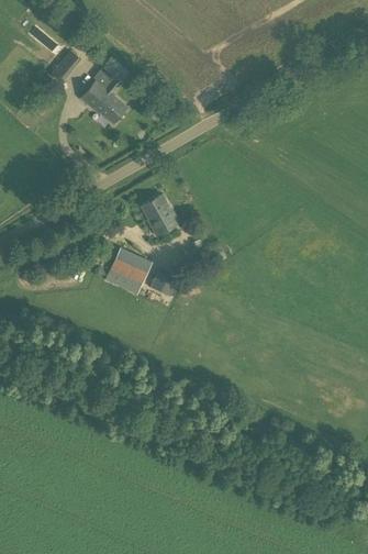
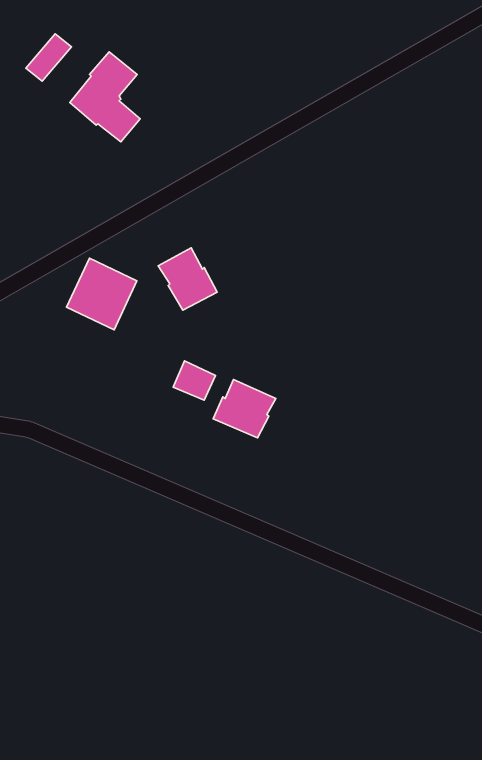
building: [104,246,152,295] -> [67,258,137,330]
building: none -> [213,379,276,438]

